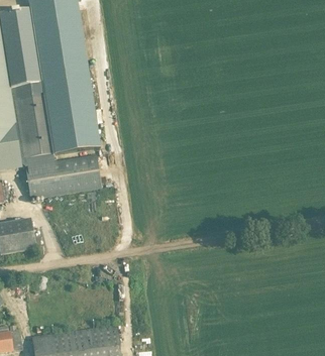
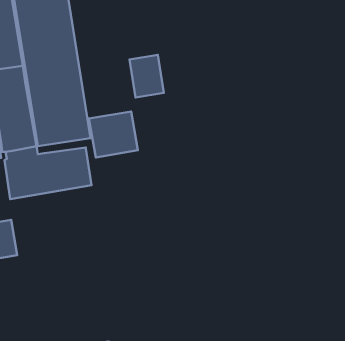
building: none -> [129,55,164,98]
building: none -> [89,111,138,157]

